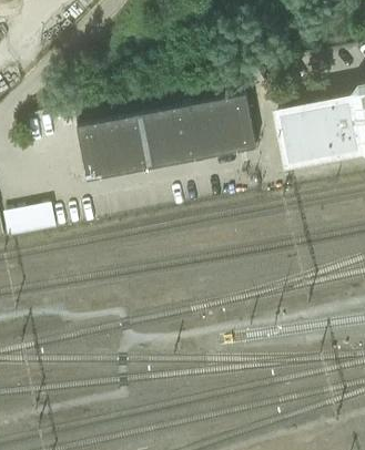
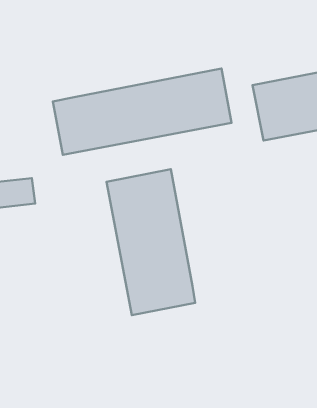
building: none -> [106,169,195,315]

